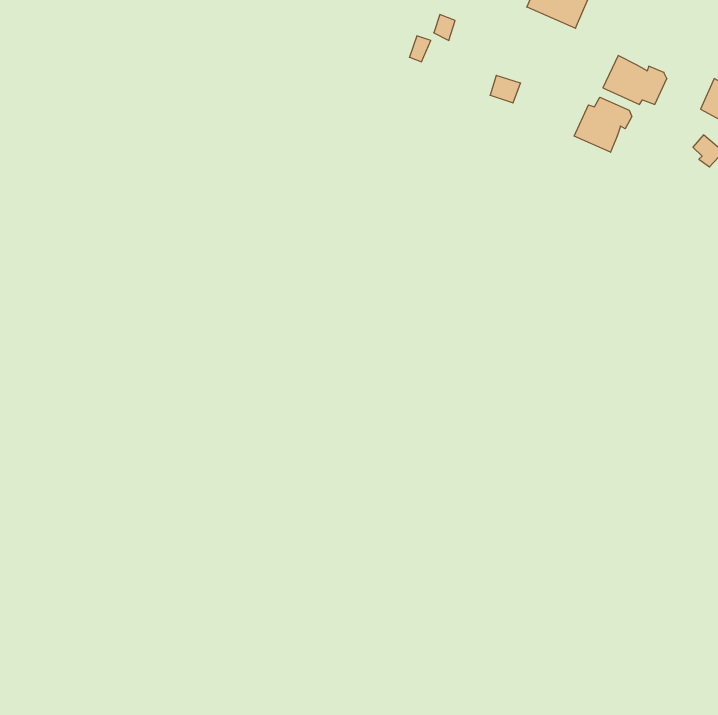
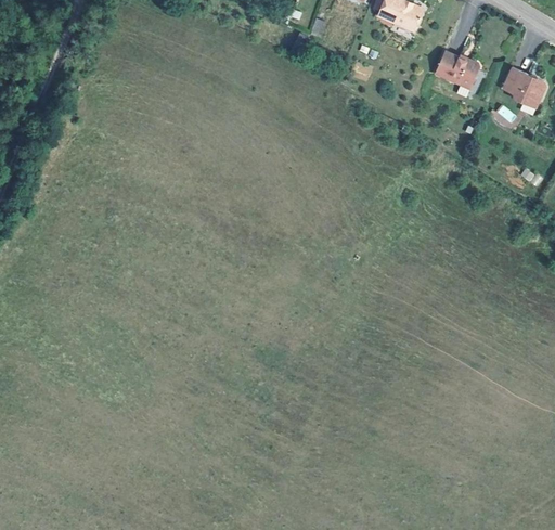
building: [574,97,632,152] -> none

